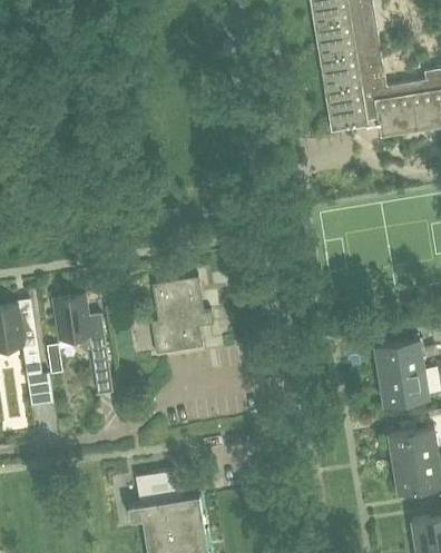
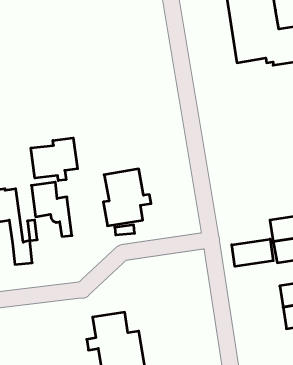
building: none -> [31,138,78,181]
building: none -> [232,239,273,266]

